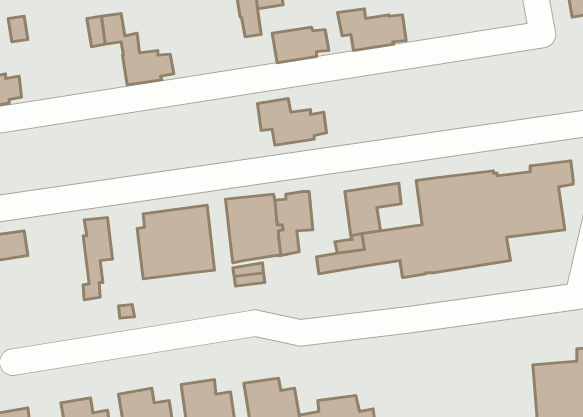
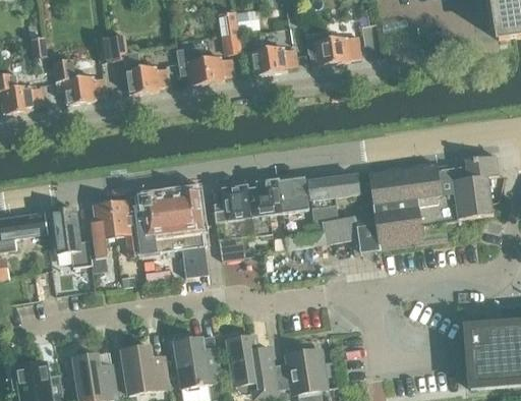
building: none -> [52,58,105,103]
building: [258,99,326,145] -> [176,45,233,83]
building: none -> [280,178,310,213]
building: none -> [113,200,142,254]
building: none -> [54,209,92,266]
building: none -> [182,246,205,275]

